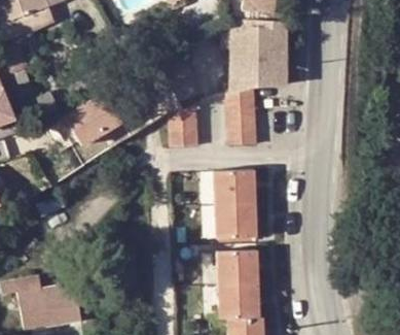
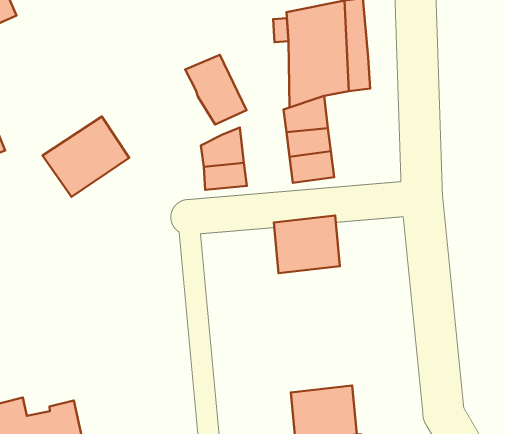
building: [216,203,258,239] -> none
building: [218,249,260,286] -> none

